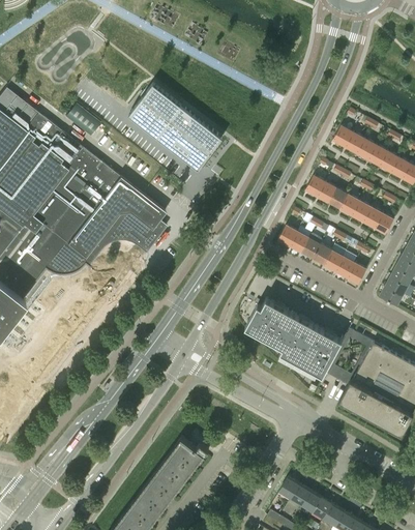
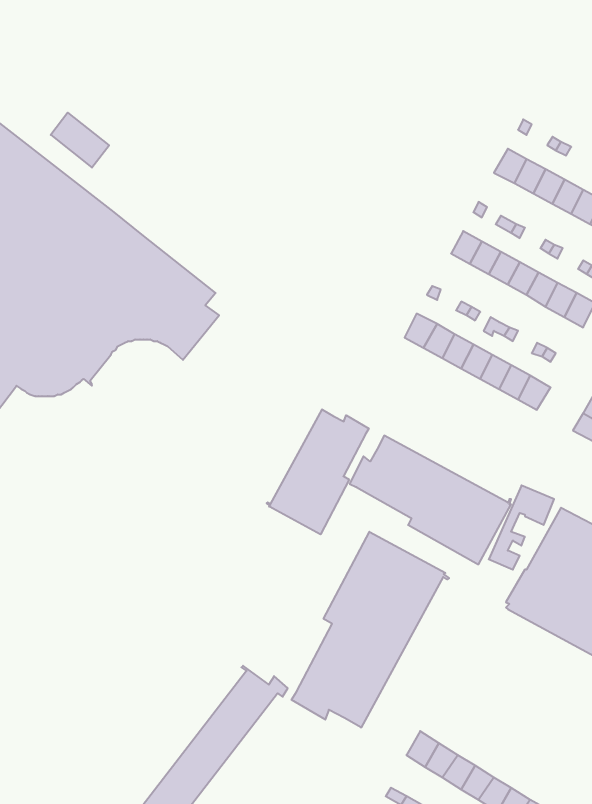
building: [129,85,223,170] -> none
building: none -> [267,409,369,534]
building: none -> [292,532,449,728]

